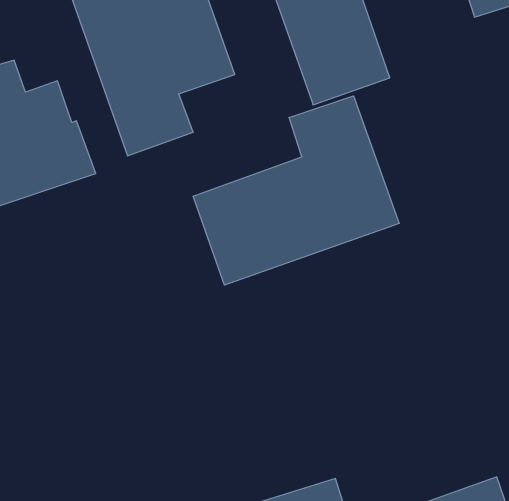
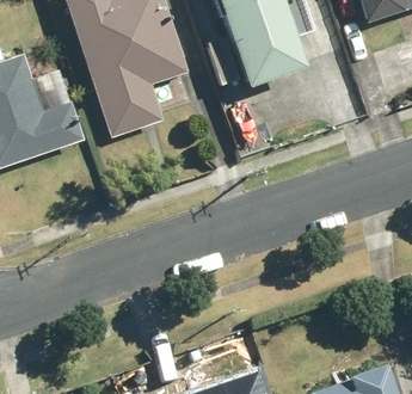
building: [193,96,399,285] -> none

